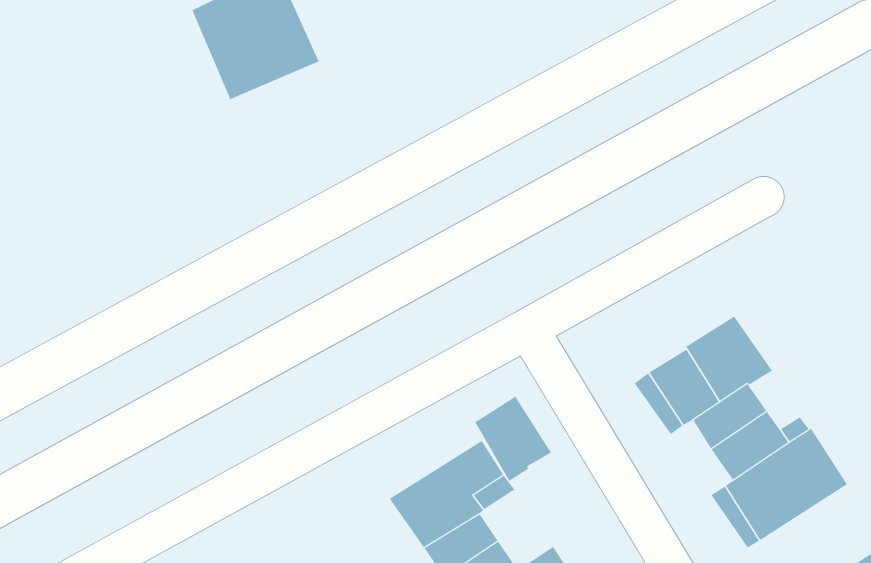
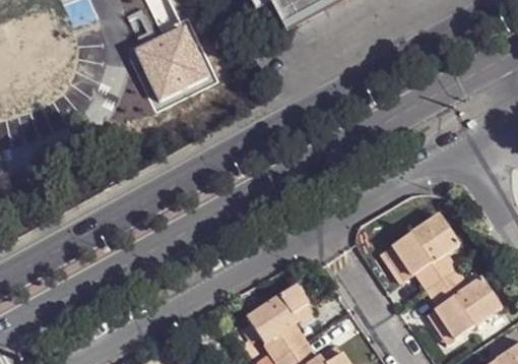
building: [475,396,552,482] -> none

